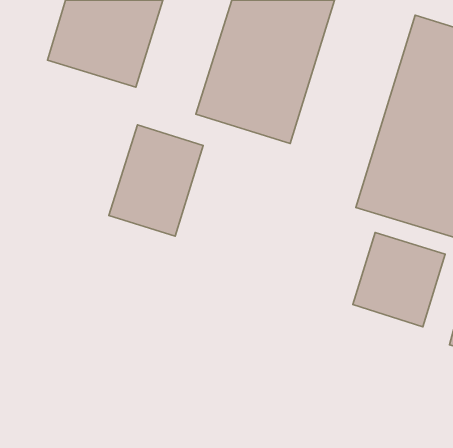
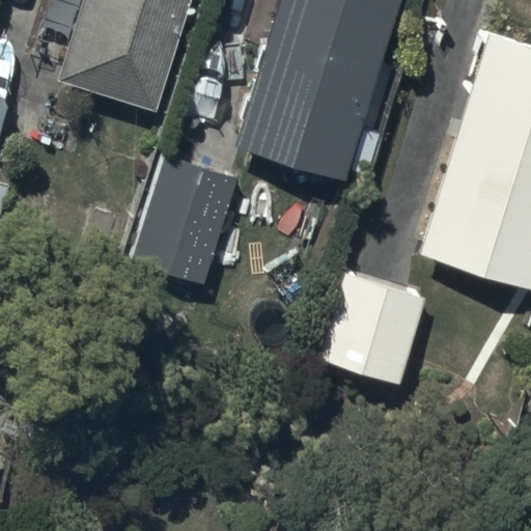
building: [353,233,445,327] -> [318,275,425,384]

